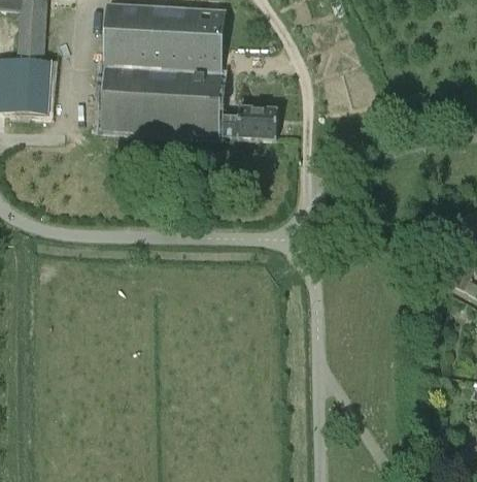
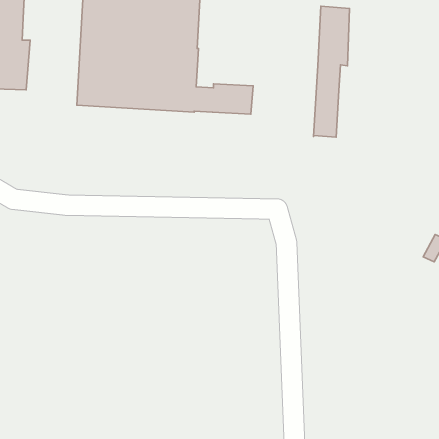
building: none -> [313,6,350,137]

